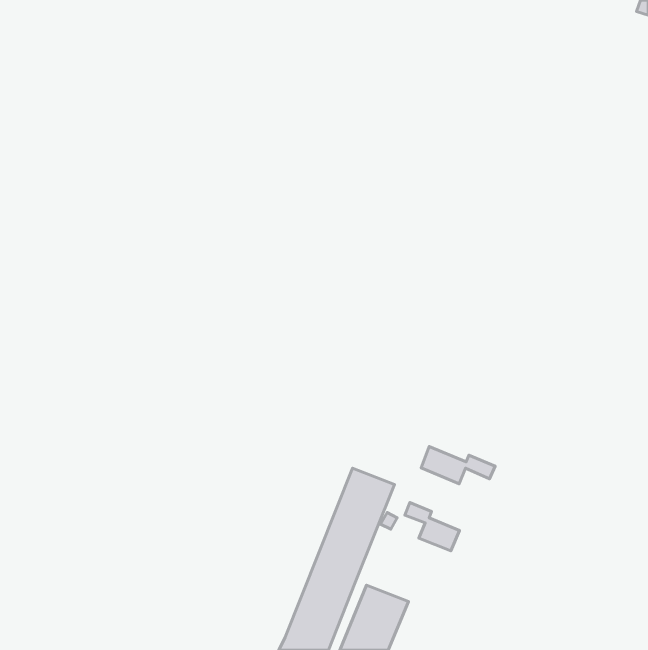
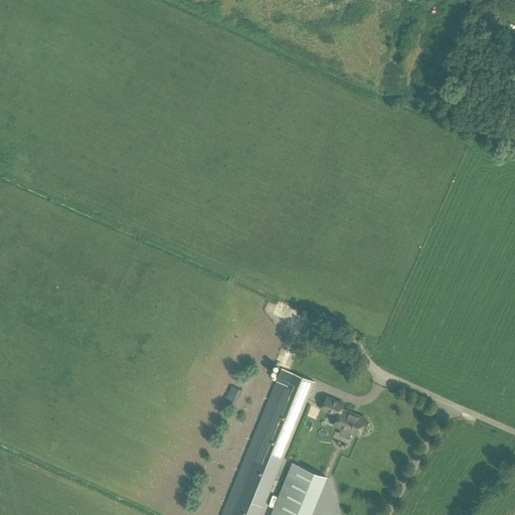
building: [421,447,495,484] -> none

